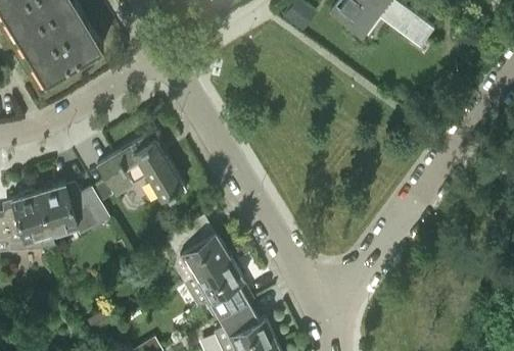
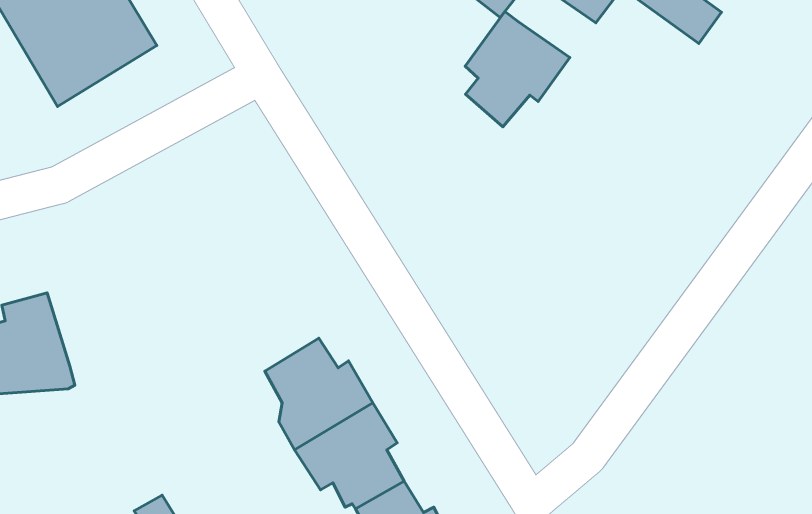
building: none -> [465,11,570,127]
building: [96,133,182,200] -> none
building: [38,185,109,236] -> none

